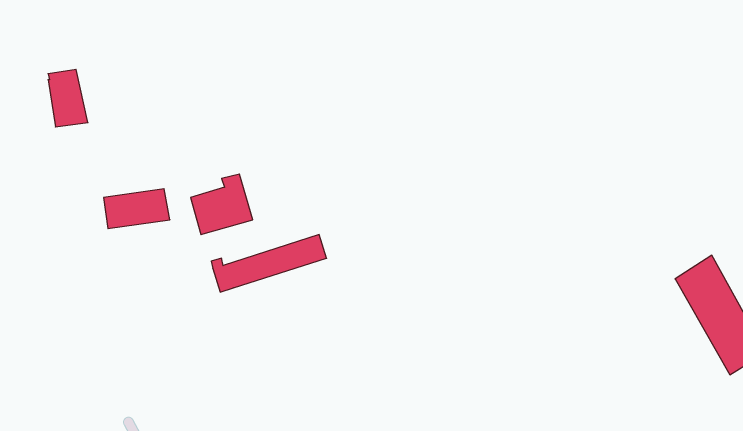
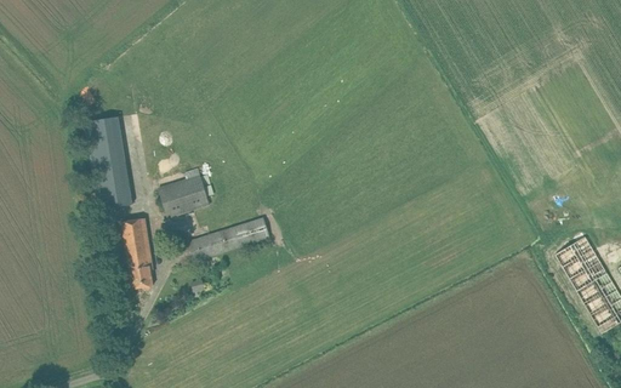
building: [48,69,88,127] -> [85,132,118,179]
building: none -> [121,217,153,287]

